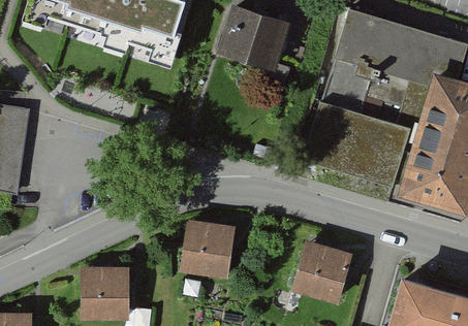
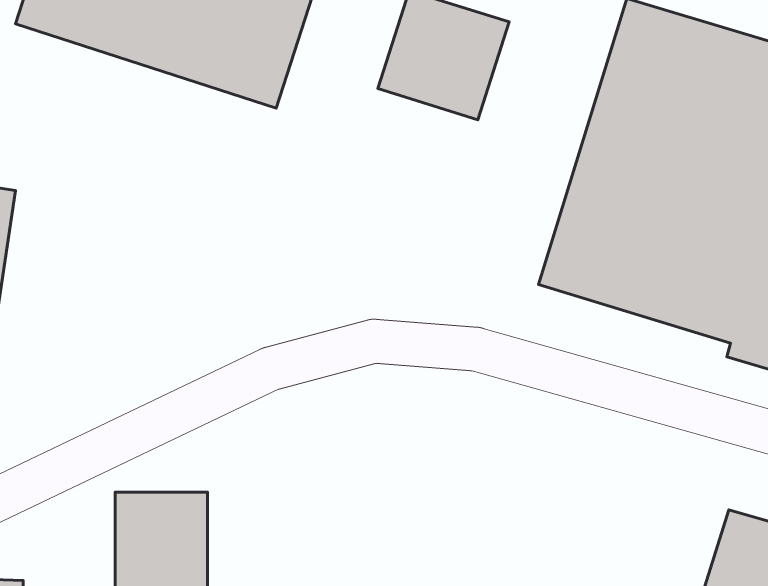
building: [180,221,236,281] -> none
building: [291,241,352,306] -> none

